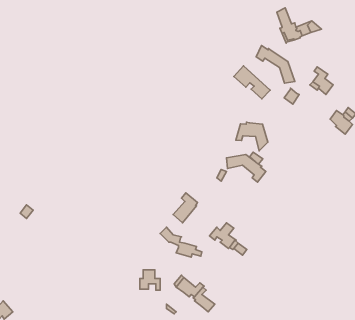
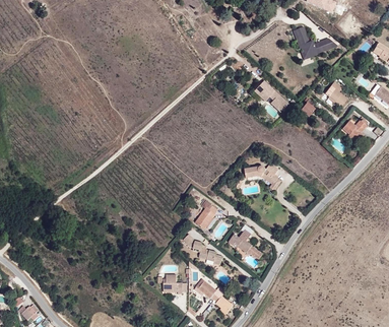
building: [256,46,295,83] -> none
building: [236,122,268,151] -> none

